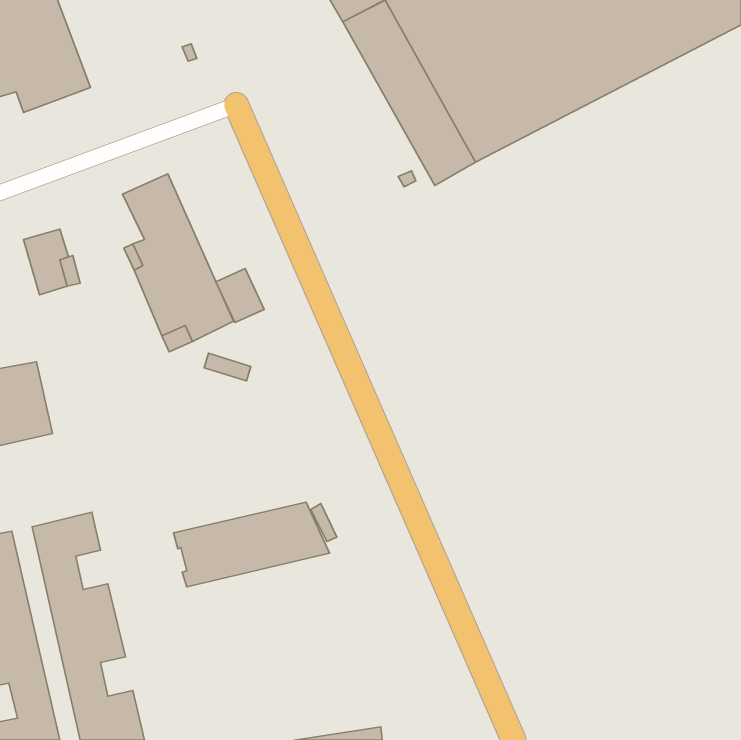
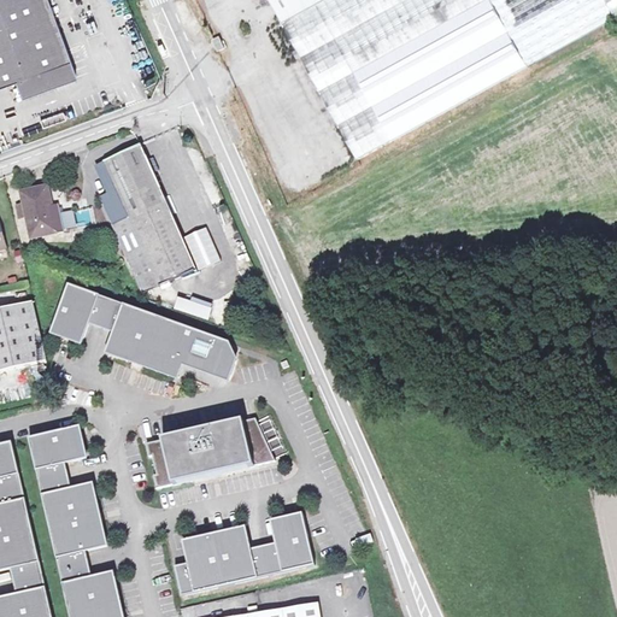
building: none -> [49,284,236,378]
building: none -> [172,510,312,593]

